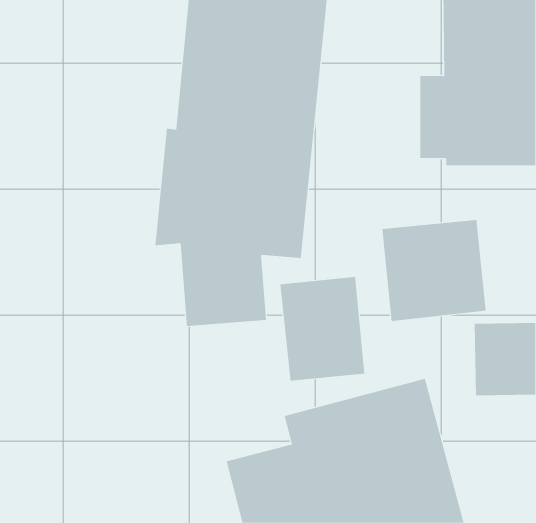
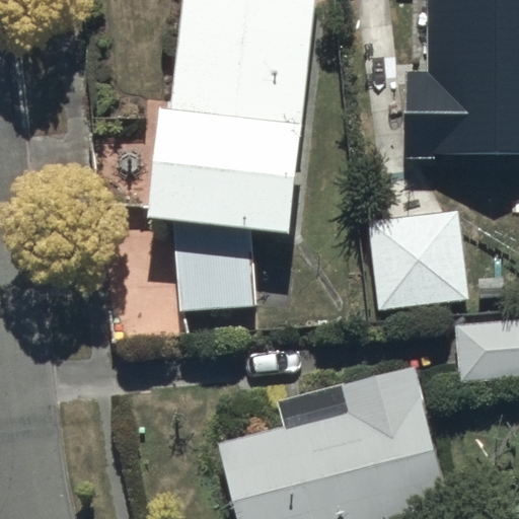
building: [280,276,365,382] -> none

